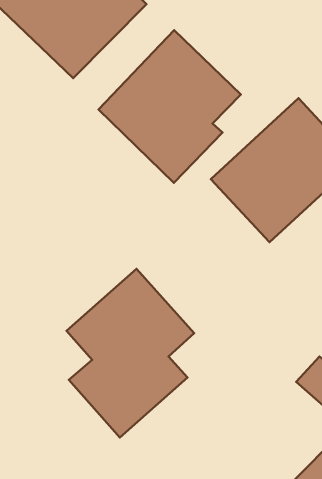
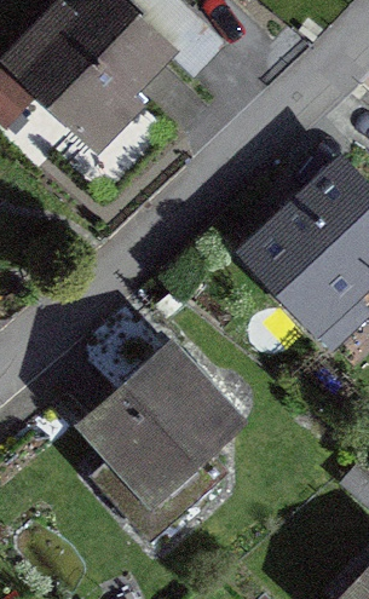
building: [99,30,241,183] -> none

